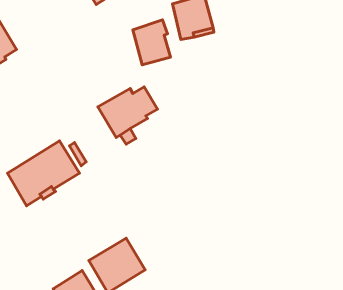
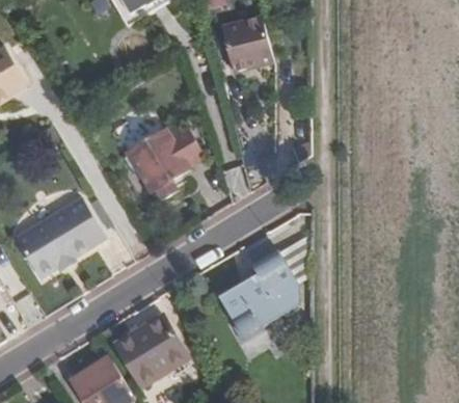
building: [133,20,171,65] -> none
building: none -> [219,250,295,343]

